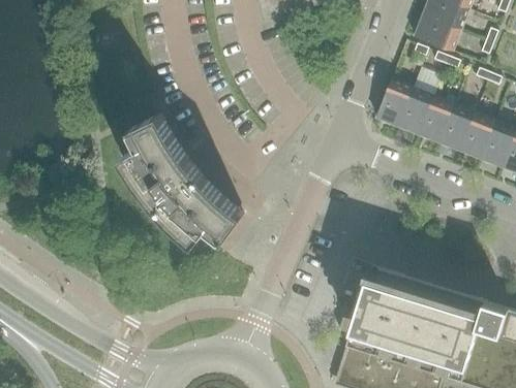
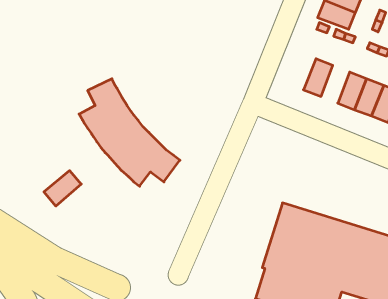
building: [375,79,412,126] -> none
building: [418,96,453,142] -> none
building: none -> [44,171,81,206]

